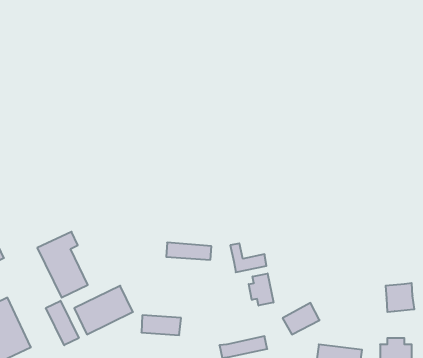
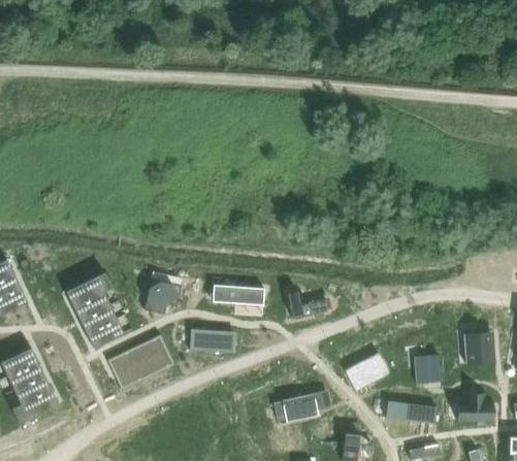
building: none -> [143,278,181,315]
building: [249,273,273,306] -> none
building: [46,301,79,345] -> none
building: none -> [413,355,441,384]
building: [141,315,181,335] -> [190,330,235,353]

